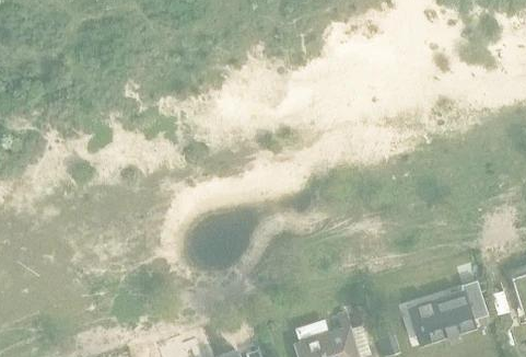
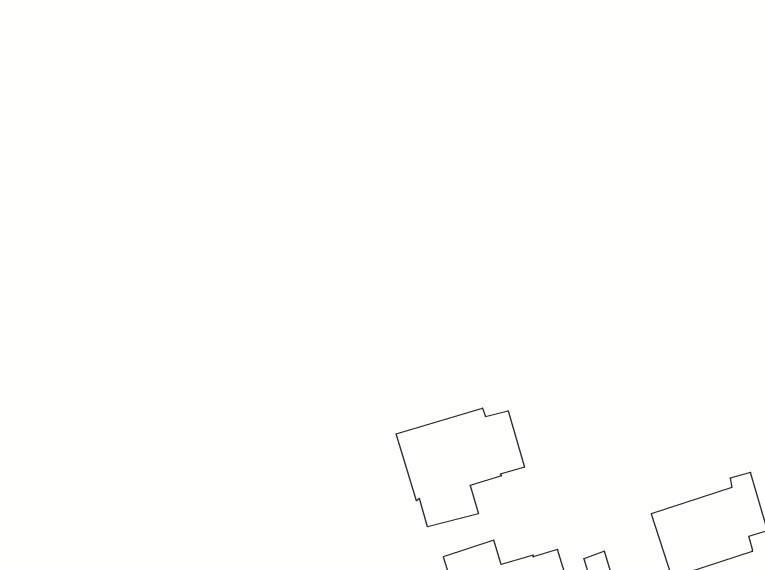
building: none -> [396,408,524,527]

